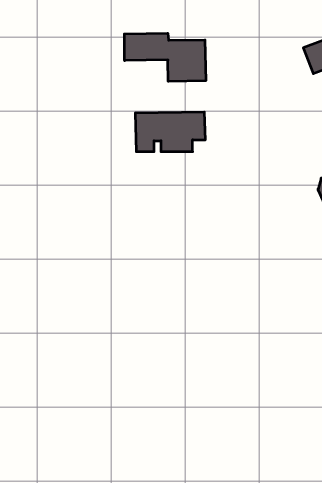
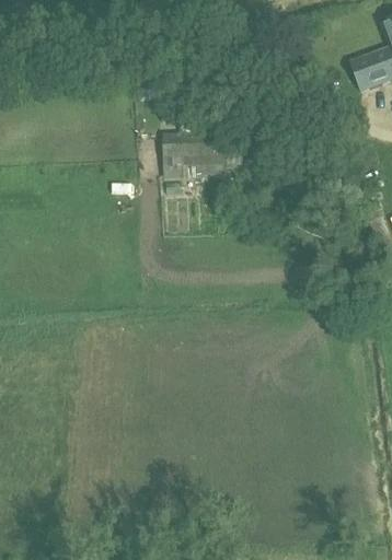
building: [124,33,206,81] -> none

